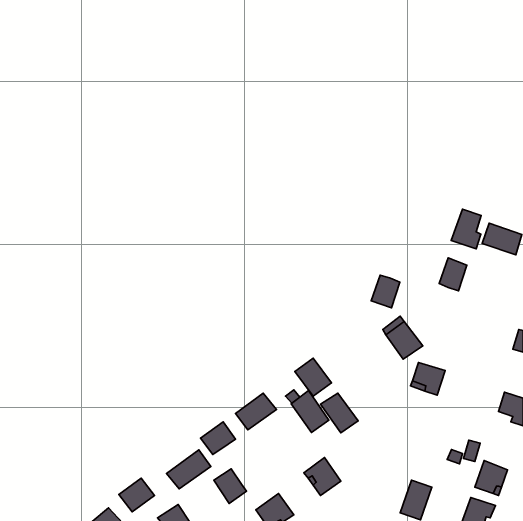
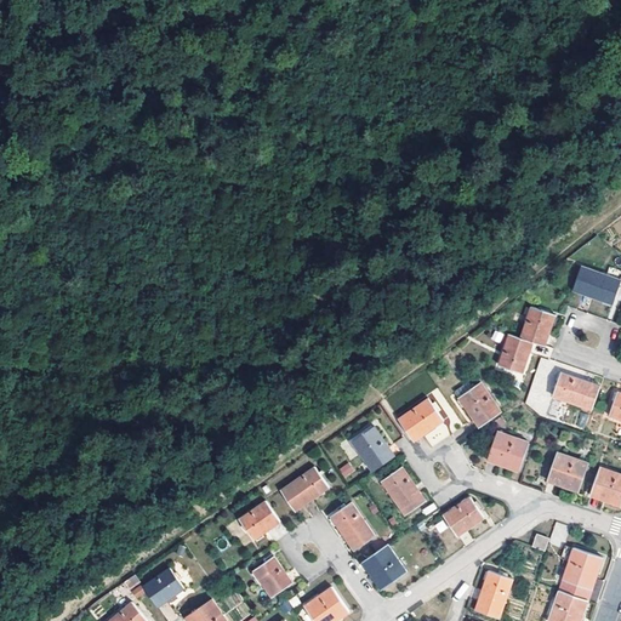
building: [451,209,481,249] -> none
building: [371,275,400,308] -> [497,335,531,374]
building: none -> [552,374,599,411]
building: none -> [398,399,443,440]
building: none -> [548,452,588,492]
building: [291,391,329,433] -> [329,502,374,552]
building: none -> [441,497,483,536]
building: [166,450,211,489] -> none

